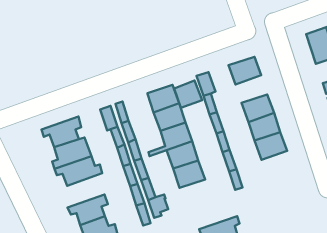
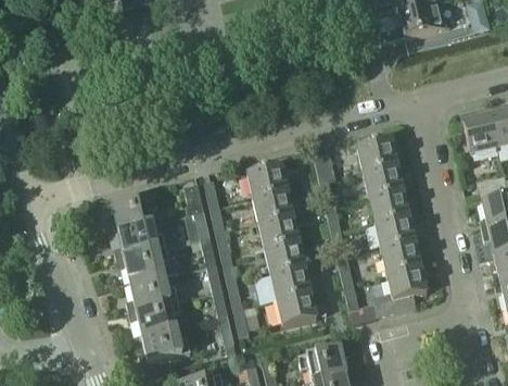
building: none -> [364,163,404,197]
building: [174,81,202,108] -> none
building: none -> [373,265,428,315]
building: none -> [126,271,179,311]
building: none -> [277,292,317,326]

